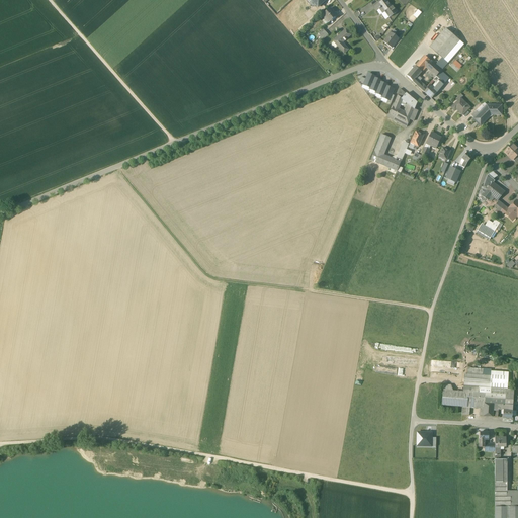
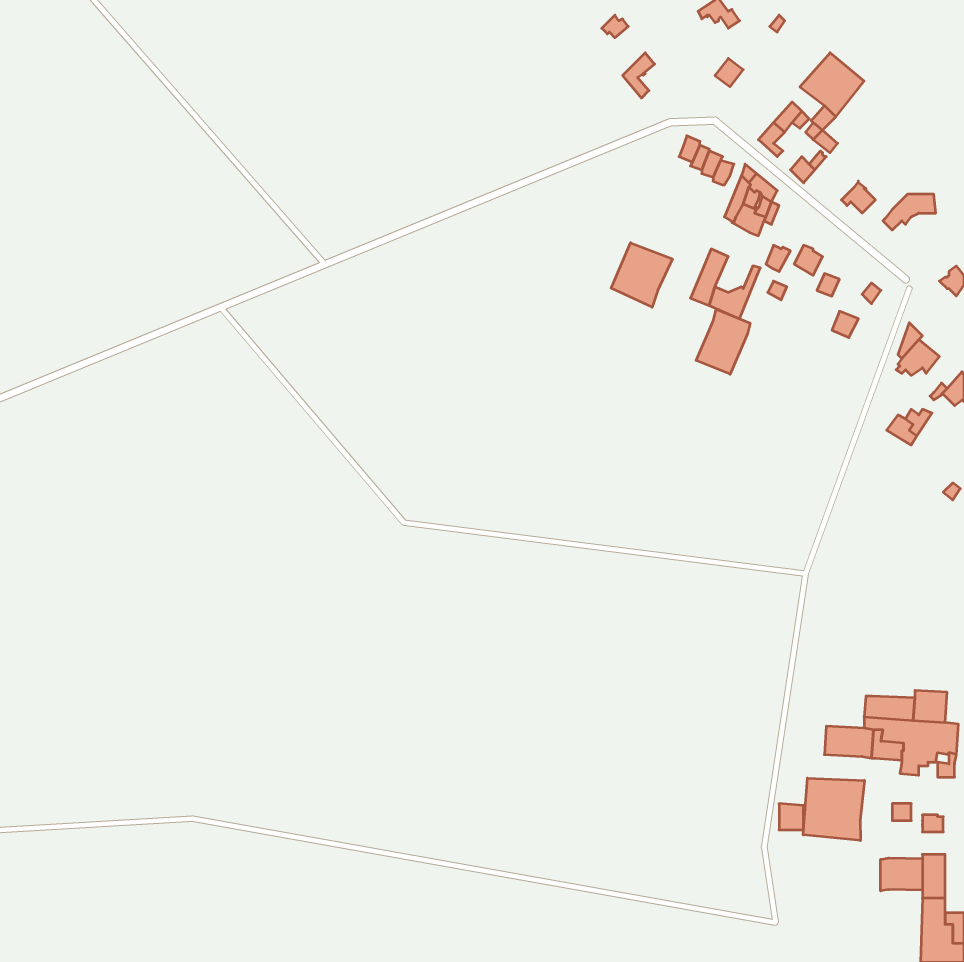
building: none -> [611,243,672,307]
building: none -> [696,309,750,374]
building: none -> [803,778,864,841]
building: none -> [881,858,922,891]

